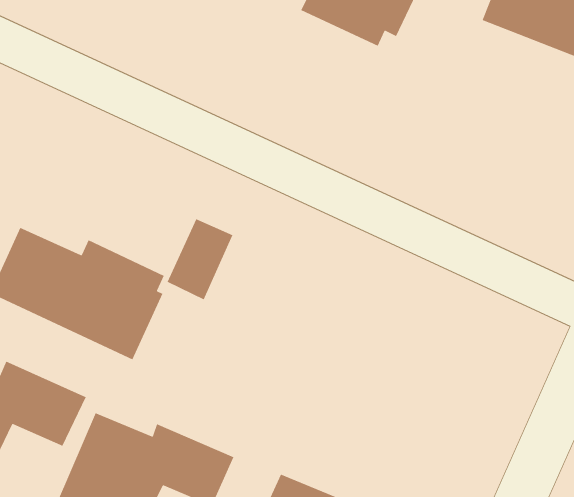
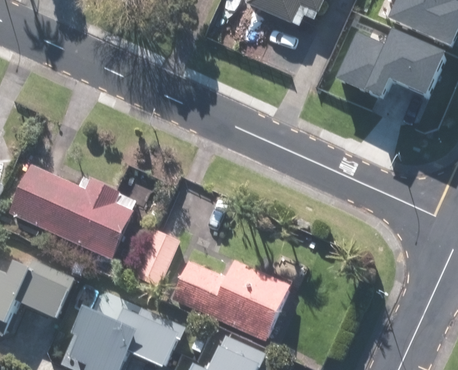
building: none -> [325,30,421,109]
building: [166,218,233,300] -> [136,226,184,285]
building: none -> [174,255,294,339]

